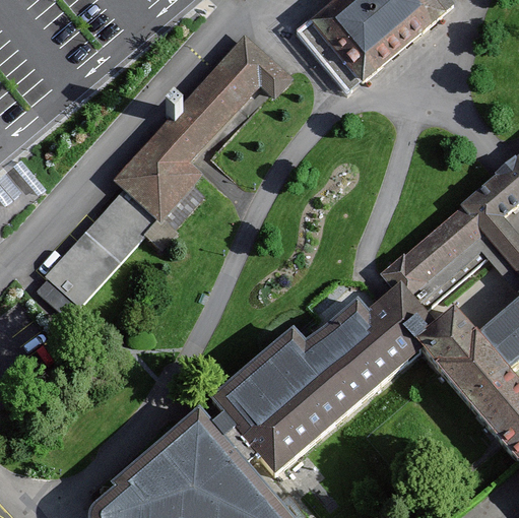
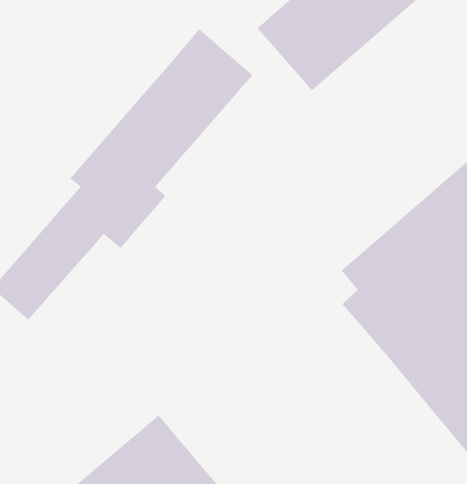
building: [203,303,420,475] -> none

